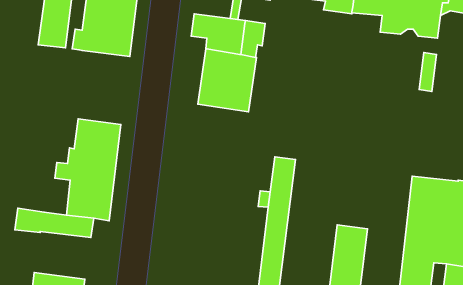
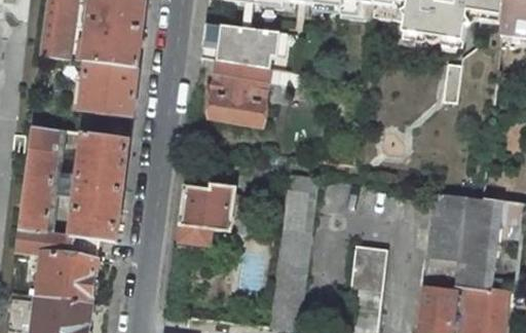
building: none -> [81,61,138,115]
building: none -> [20,125,61,231]
building: none -> [178,183,236,250]
building: none -> [37,252,99,302]

